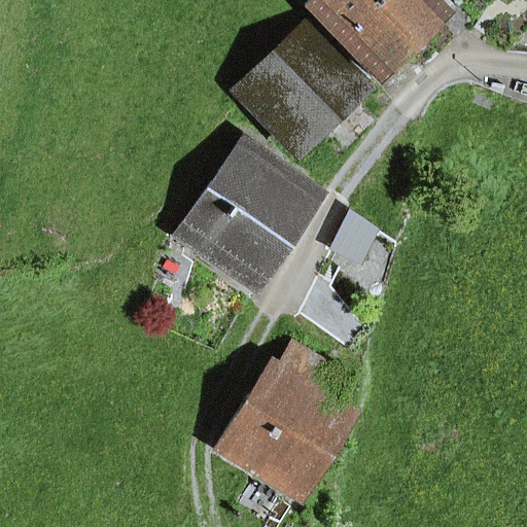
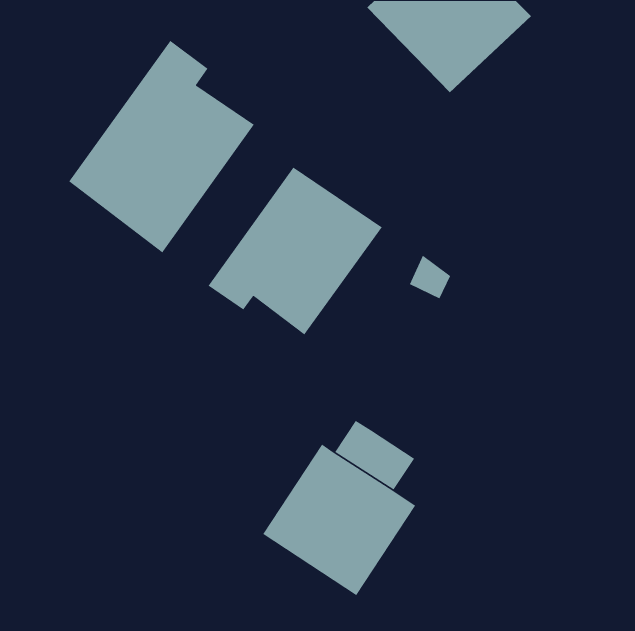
building: [237,25,364,153] -> none
building: none -> [68,40,255,253]

